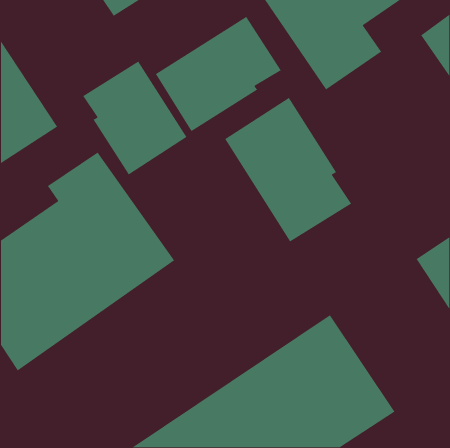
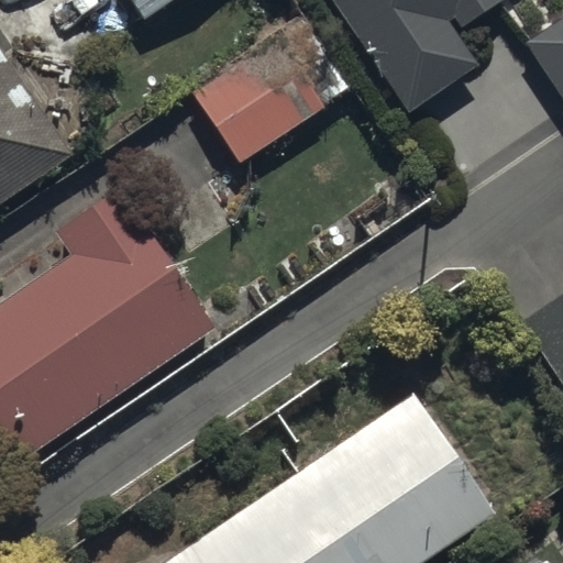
building: [82,61,187,175] -> none
building: [224,97,352,243] -> none

